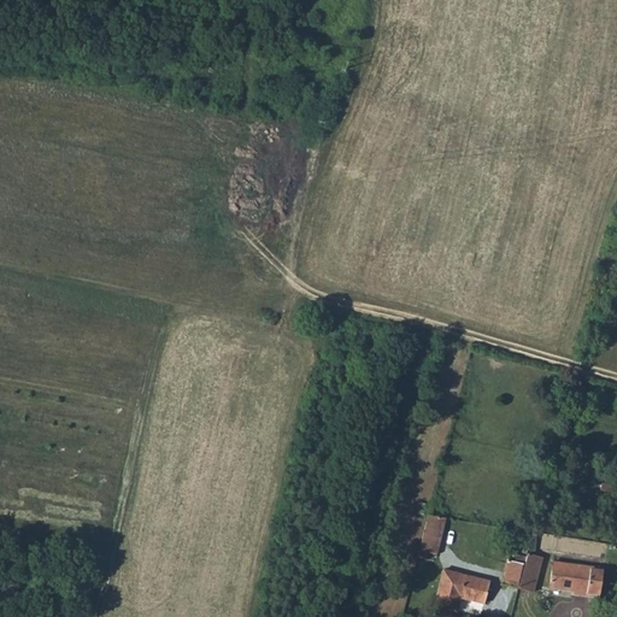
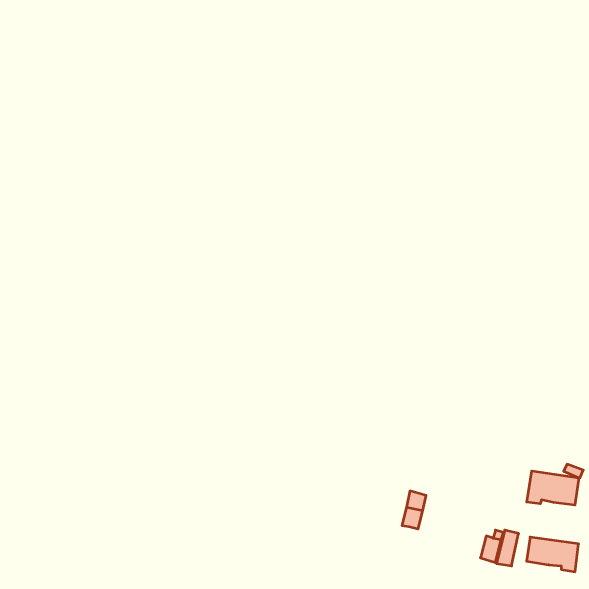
building: none -> [527,471,579,505]
building: [436,569,489,610] -> none

